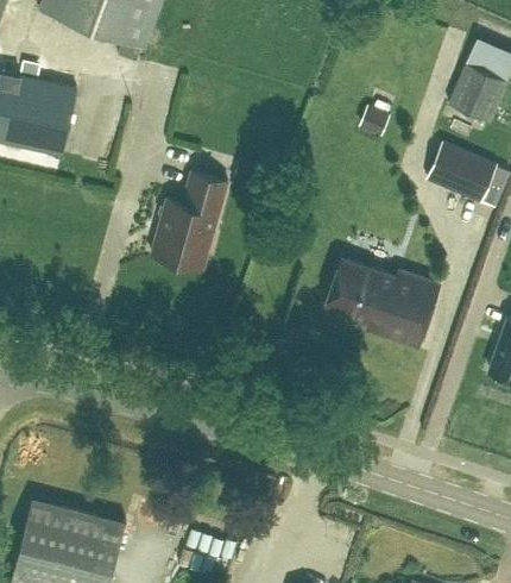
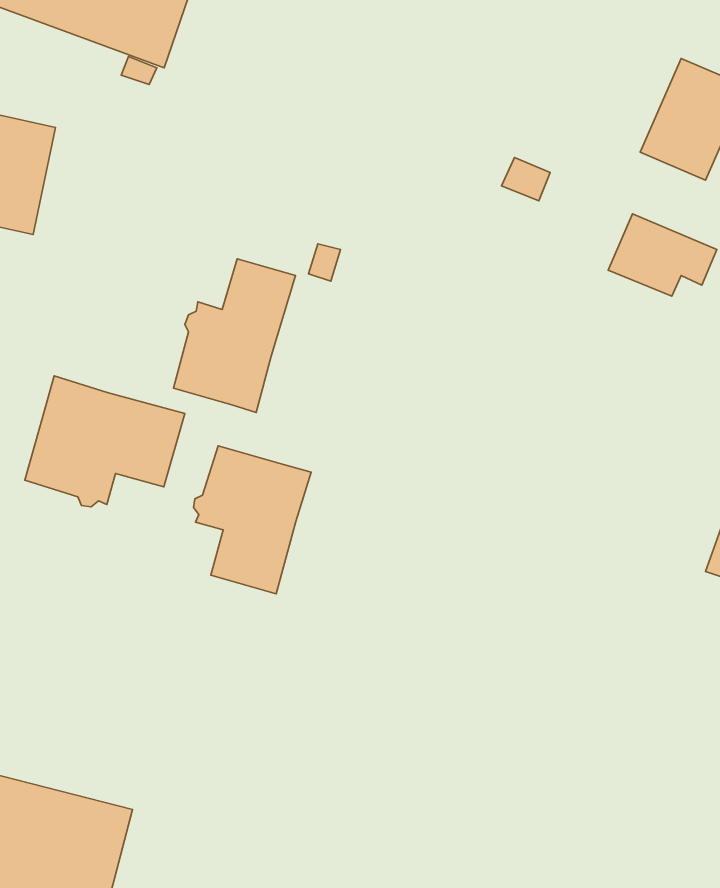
building: none -> [25,376,185,507]
building: [326,259,439,345] -> none
building: none -> [194,446,311,594]

